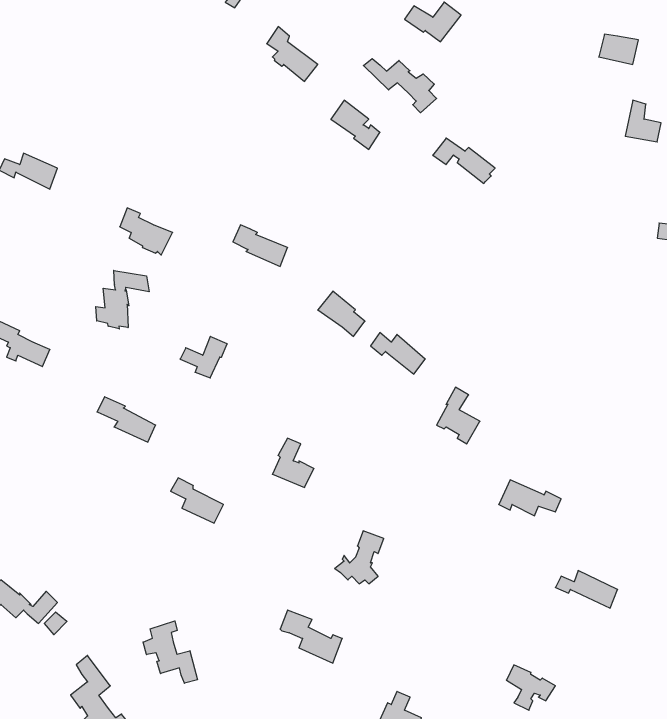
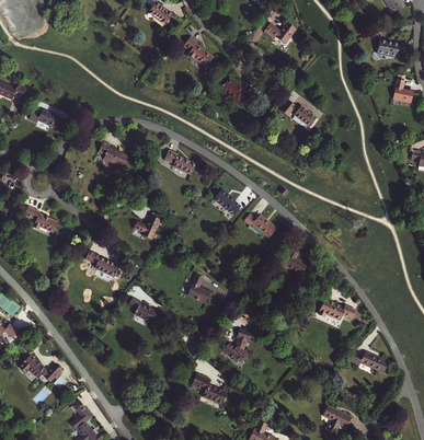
building: [363,59,437,113] -> none
building: [96,270,149,329] -> none
building: [143,621,197,683] -> none

